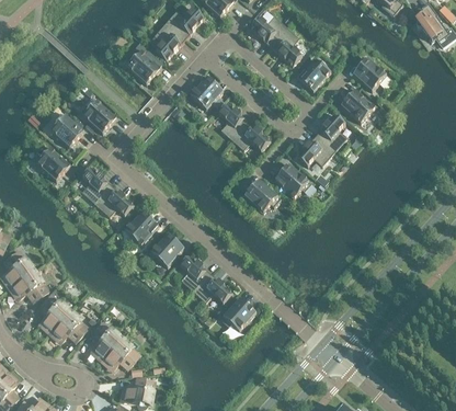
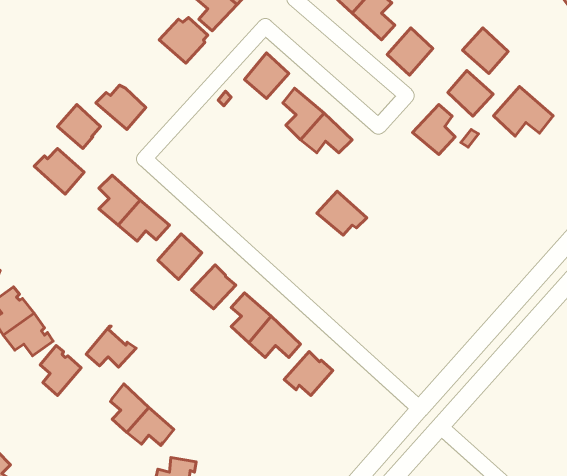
building: none -> [493,86,553,136]
building: [296,135,334,165] -> none
building: [274,163,316,197] -> none
building: [50,310,88,341] -> [86,326,136,367]

